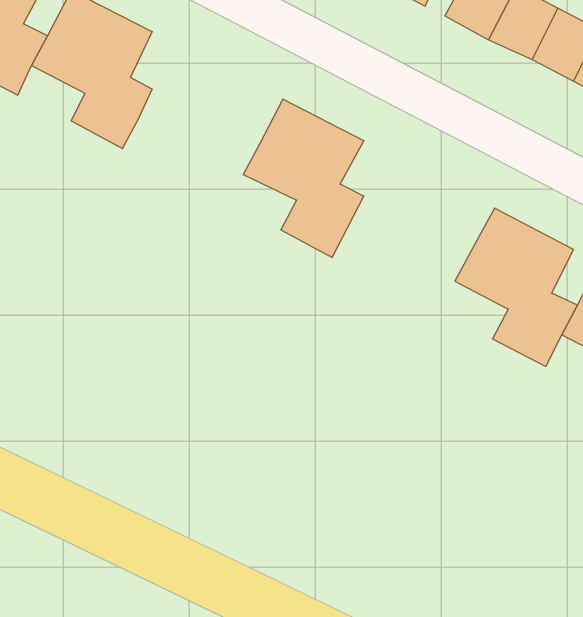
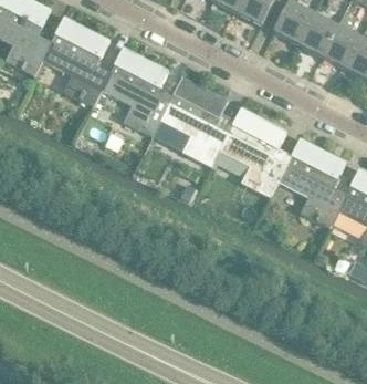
building: none -> [102,46,169,135]
building: none -> [210,107,287,196]

